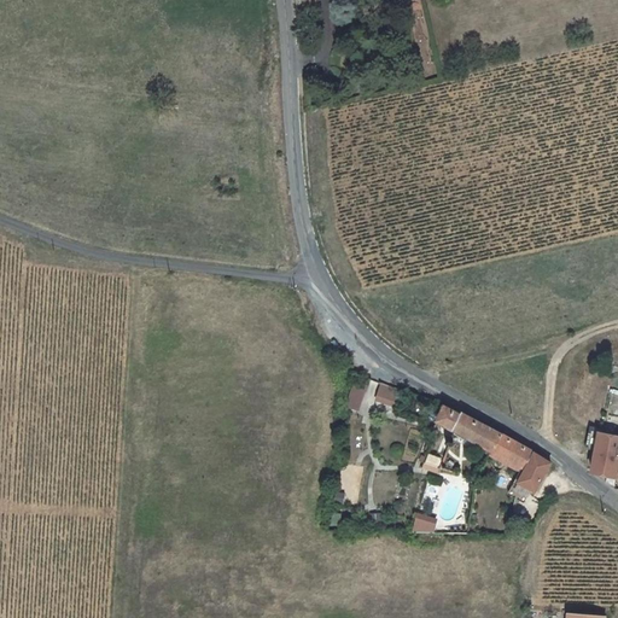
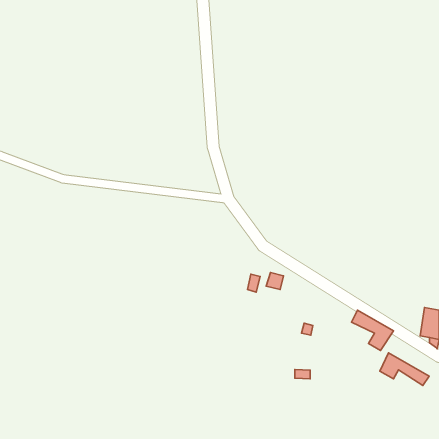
building: [441,407,502,453] -> none
building: none -> [380,353,429,386]

